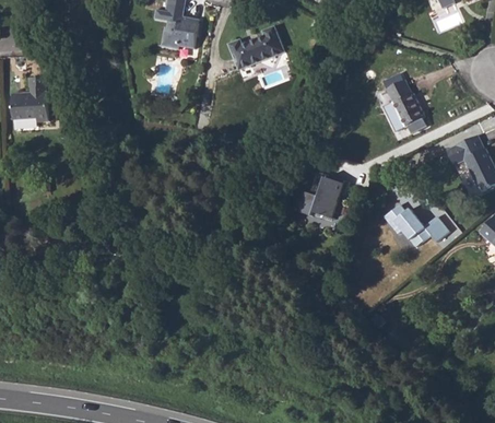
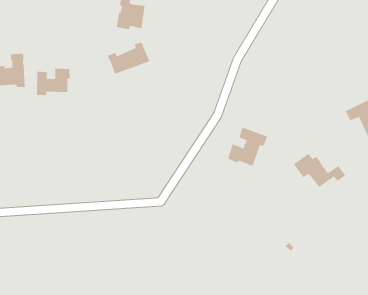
building: [229,27,284,69] -> [107,41,151,75]
building: [384,80,426,131] -> none
building: none -> [36,68,70,96]

